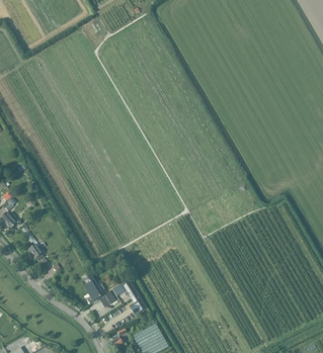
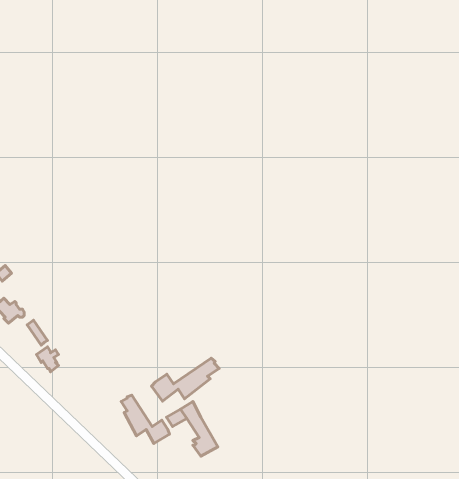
building: none -> [151,358,219,401]

